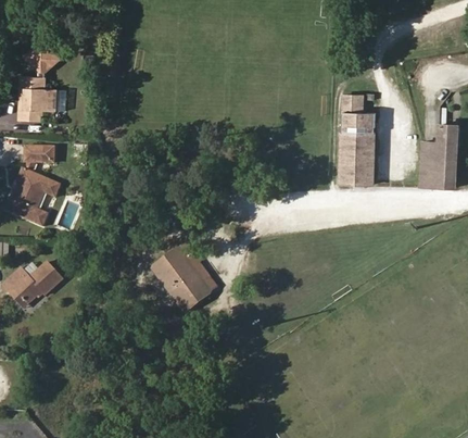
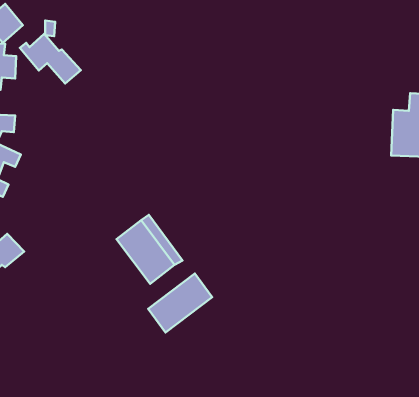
building: none -> [20,34,81,83]
building: [340,95,375,184] -> none
building: none -> [148,274,212,332]

